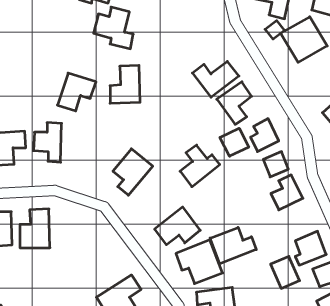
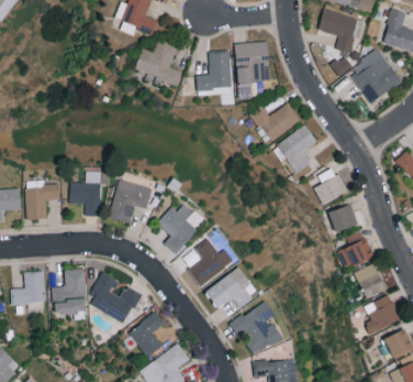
building: none -> [235,42,269,83]
building: [110,65,140,103] -> [197,52,231,95]
building: [57,73,96,111] -> [108,179,152,222]
building: [220,128,249,156] -> none
building: [180,145,220,187] -> [188,239,233,286]
building: none -> [87,272,139,321]
building: [210,227,256,264] -> none
building: none -> [129,312,164,357]
building: [271,256,300,288] -> [354,262,387,298]

